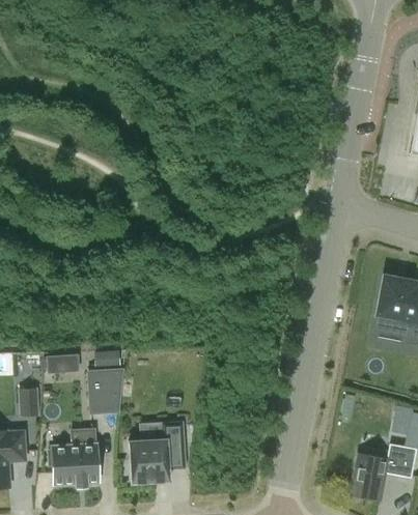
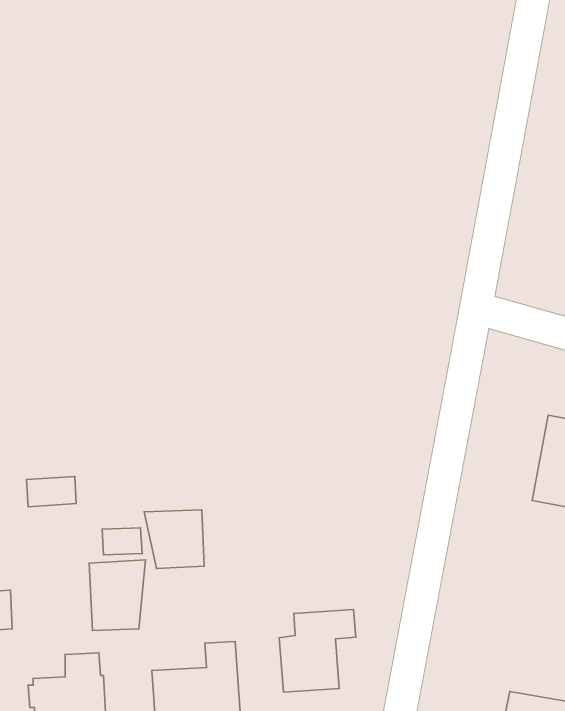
building: none -> [144,510,204,569]
building: [48,351,80,371] -> [27,476,76,507]
building: none -> [279,609,356,692]

